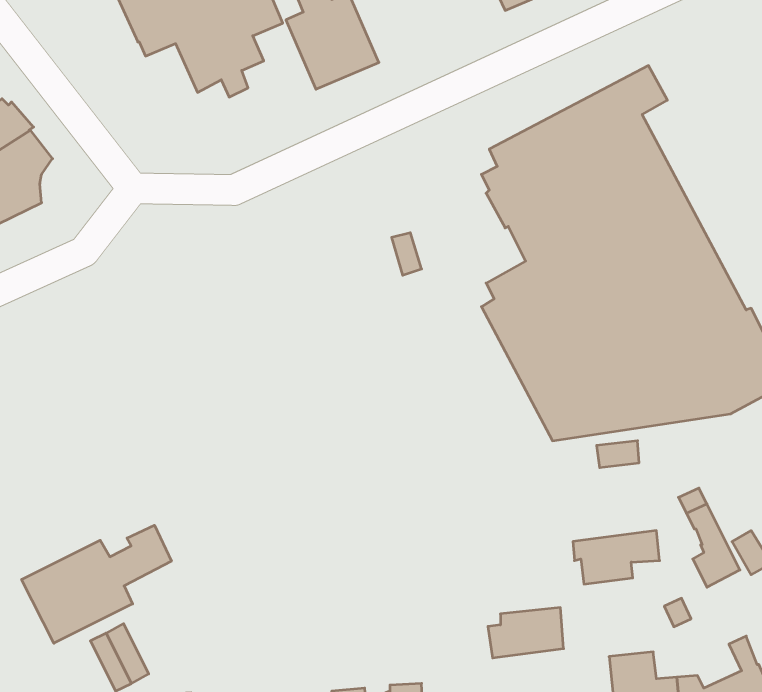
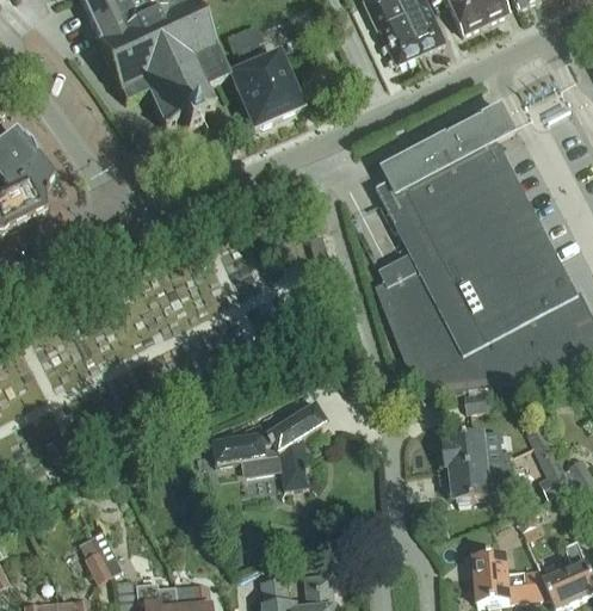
building: none -> [212,401,327,486]
building: [22,525,171,643] -> none
building: [488,608,564,658] -> [440,427,498,465]

